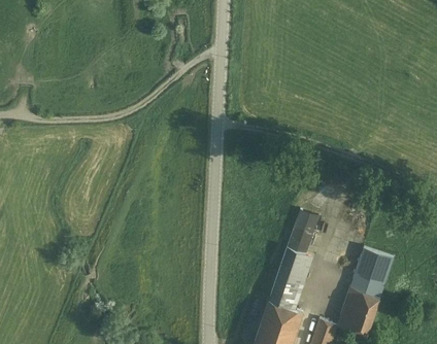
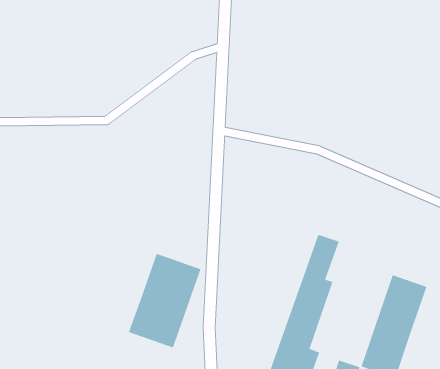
building: none -> [128,253,202,348]

